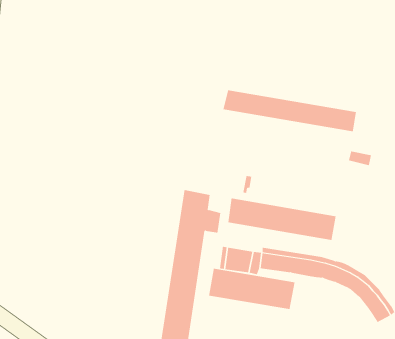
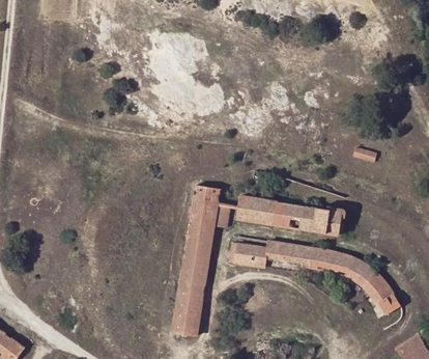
building: [223,89,357,132] -> none
building: [209,268,295,310] -> none

